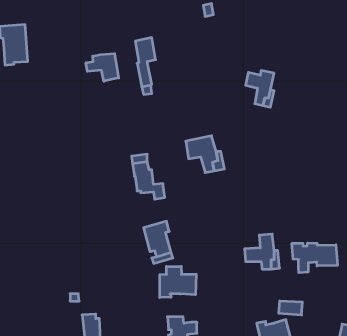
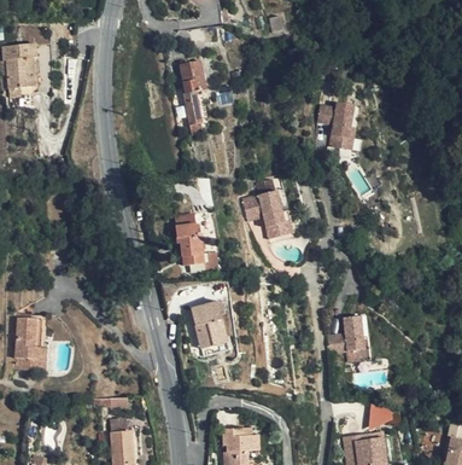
building: [86,54,119,81] -> none
building: none -> [16,318,40,360]
building: [292,243,337,273] -> none
building: [160,266,196,298] -> none

